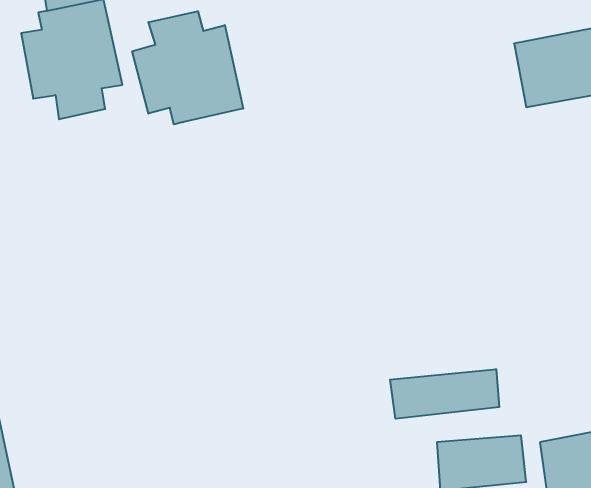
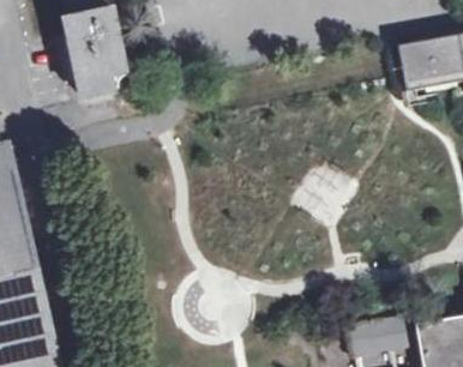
building: [132,11,243,124] -> none
building: [390,369,499,419] -> none

